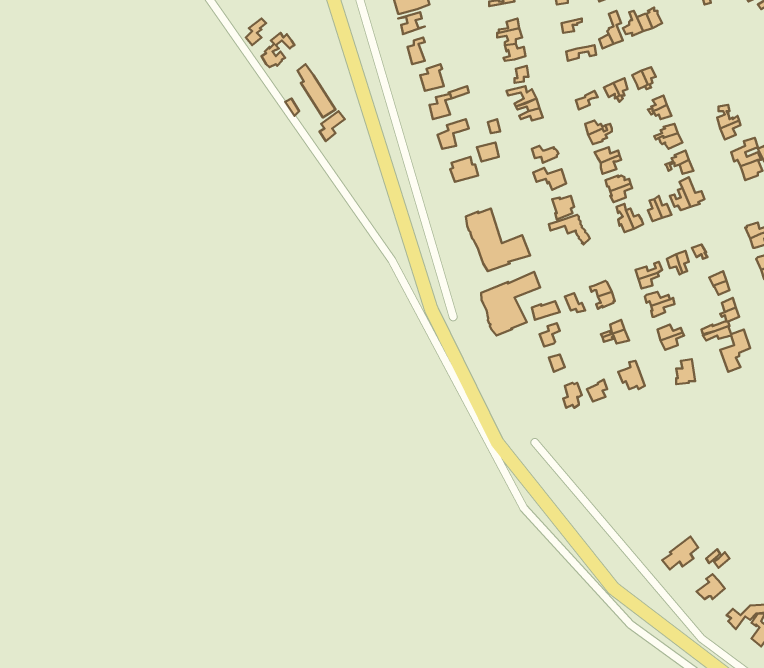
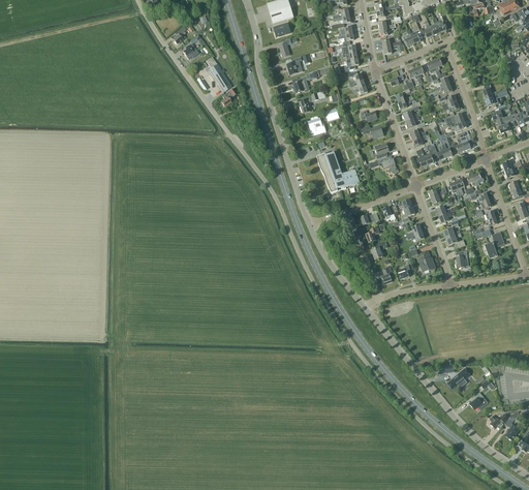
building: [481,272,540,335] -> none

